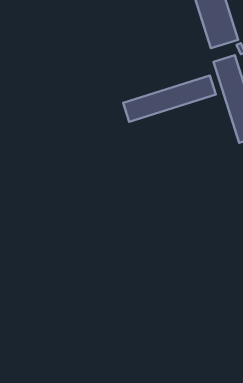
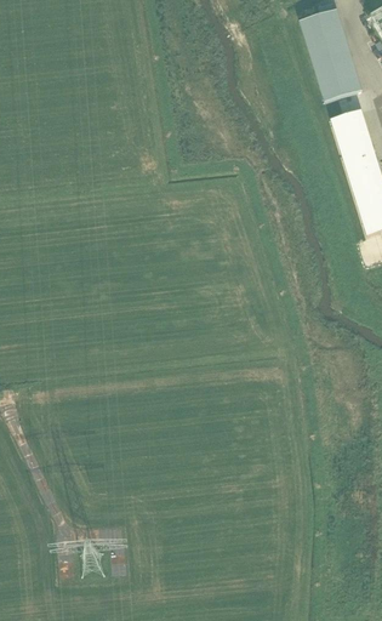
building: [123,76,216,122] -> none

